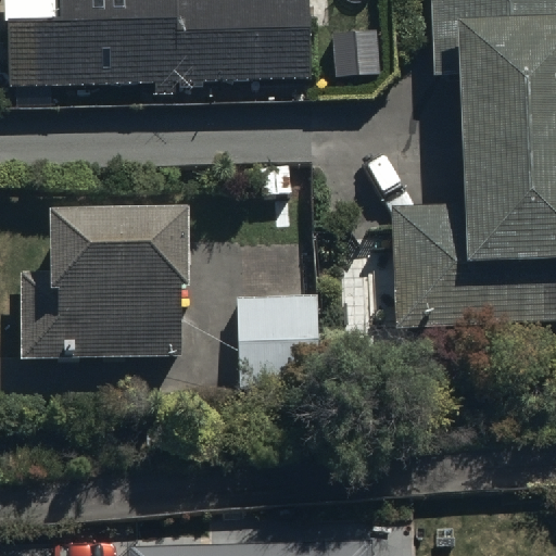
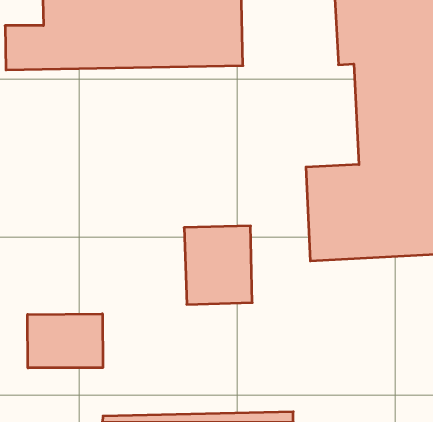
building: [21,230,190,363] -> none
building: none -> [28,314,103,368]

